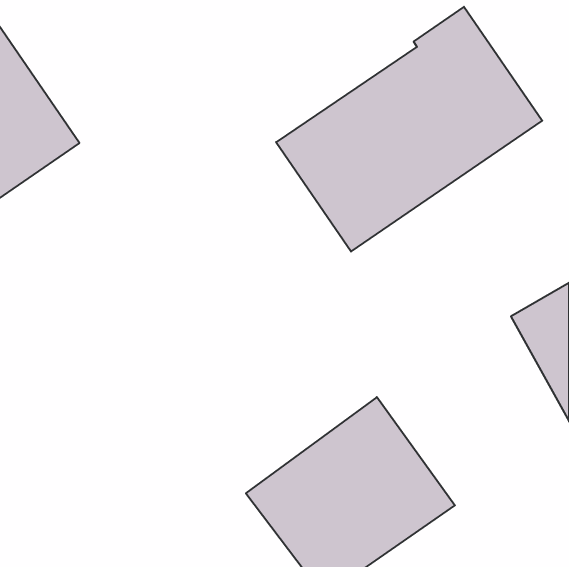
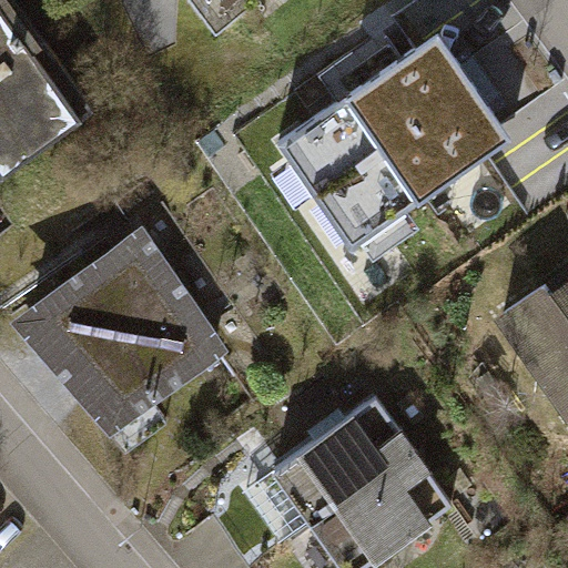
building: none -> [9,226,233,433]

